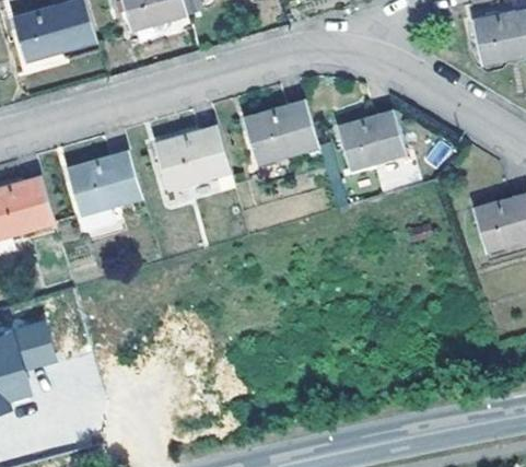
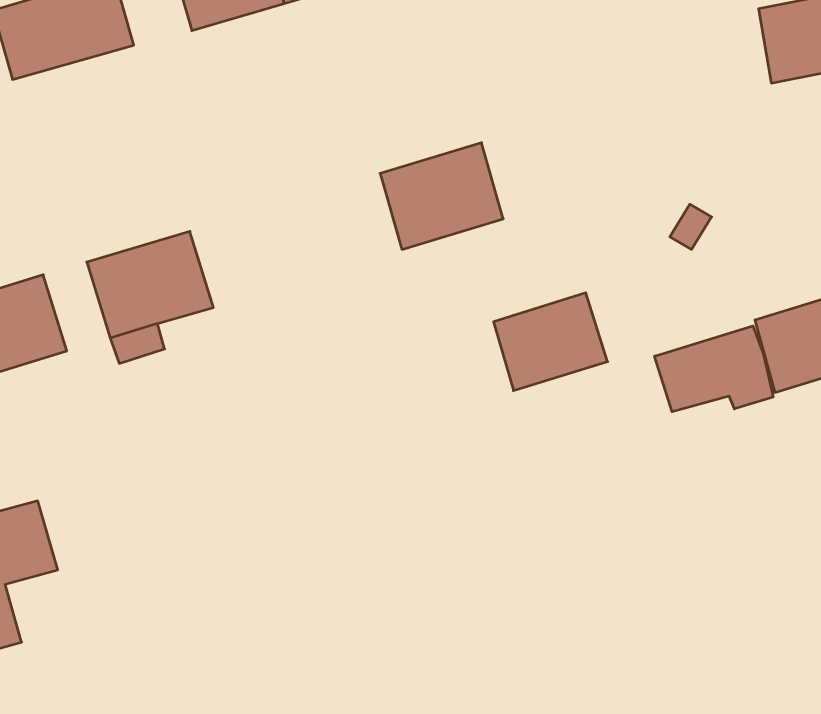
building: [339,109,408,168] -> [494,293,608,391]
building: [155,126,231,191] -> none
building: none -> [655,326,773,412]

